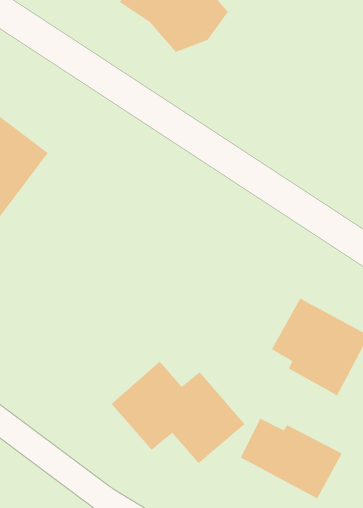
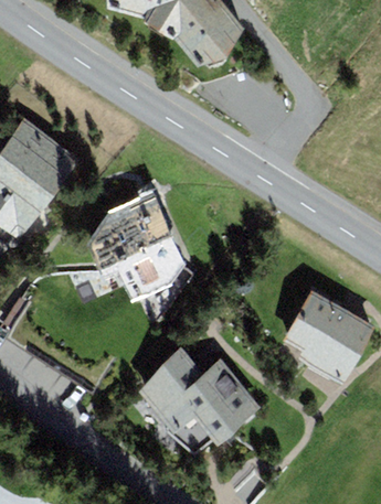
building: none -> [88,194,182,300]
building: [240,418,343,499] -> none

